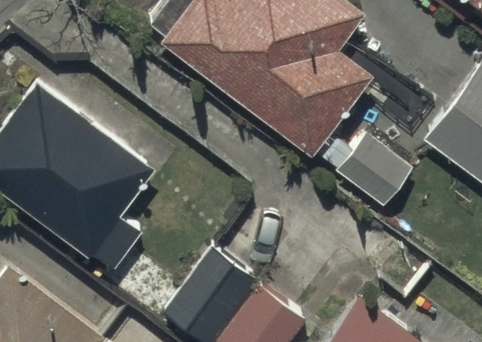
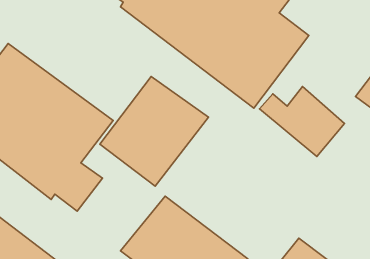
building: none -> [100,76,208,186]

